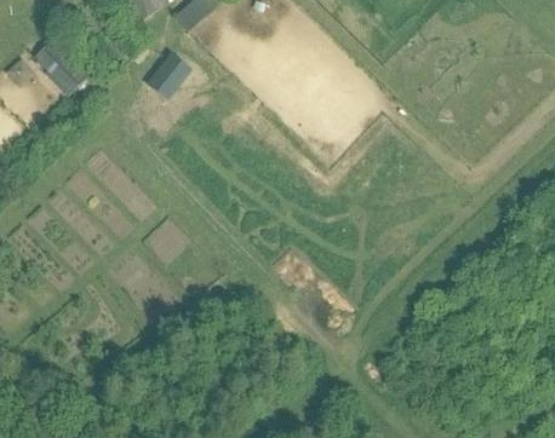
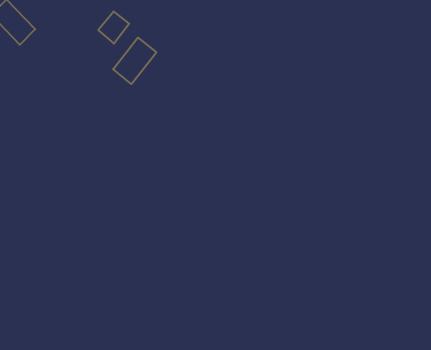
building: none -> [113,38,156,84]

